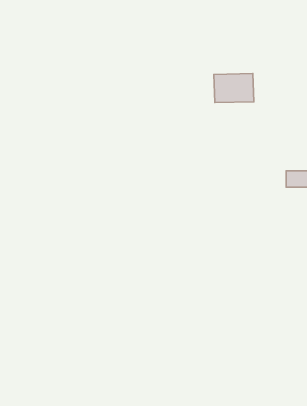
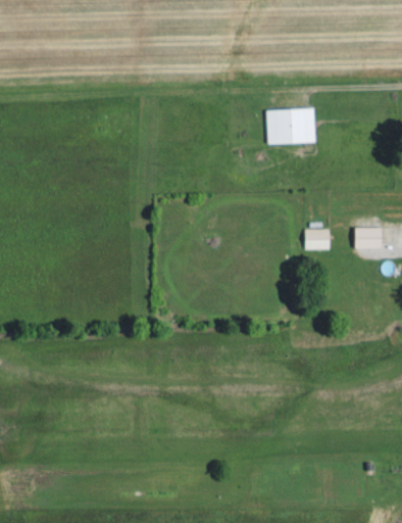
building: none -> [304,230,329,249]

